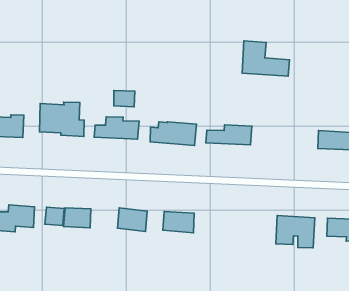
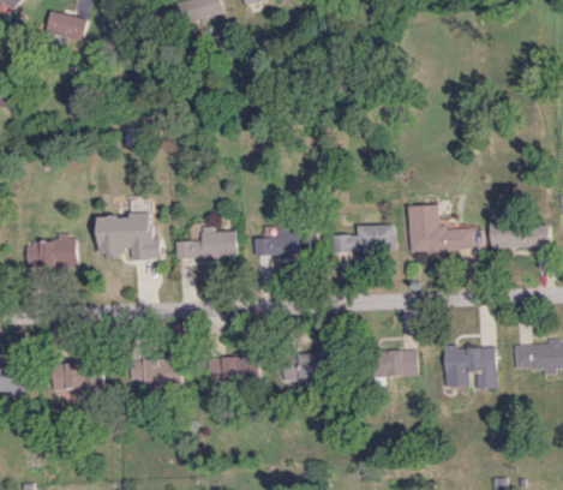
building: [242,41,289,76] -> [408,205,474,251]
building: [114,90,135,107] -> none
building: none -> [375,349,414,376]

